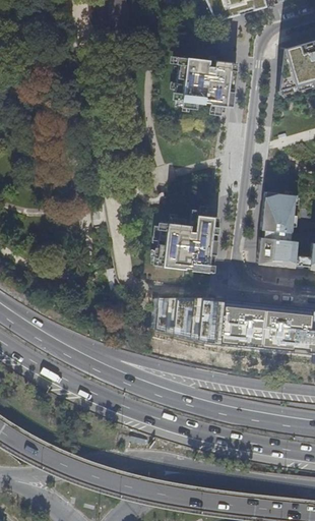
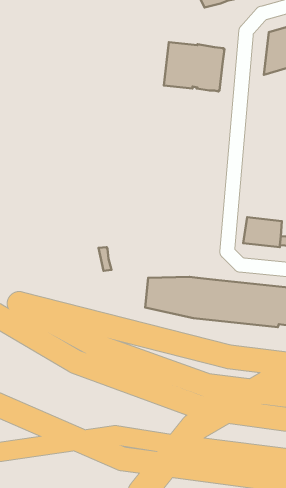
building: [262,192,298,233] -> none
building: [159,215,220,272] -> none

